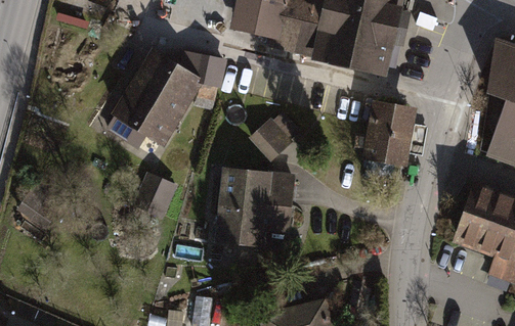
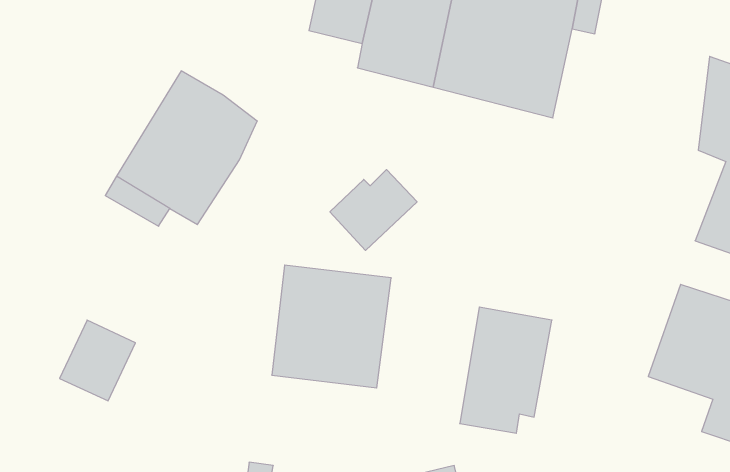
building: [182,48,228,109] -> none
building: [360,100,419,180] -> [460,307,552,433]
building: [132,171,180,222] -> [60,320,135,401]

